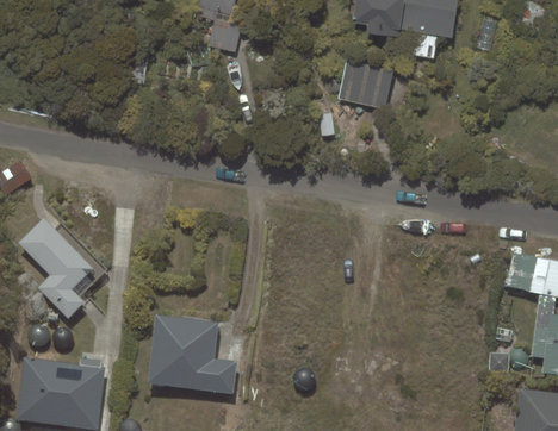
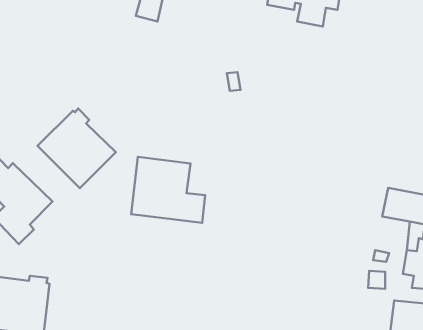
building: [337,60,395,110] -> none
building: none -> [37,109,116,188]
building: [148,314,237,394] -> [131,157,205,223]

